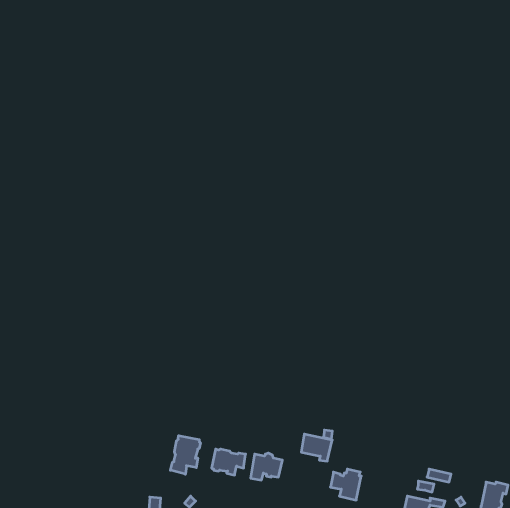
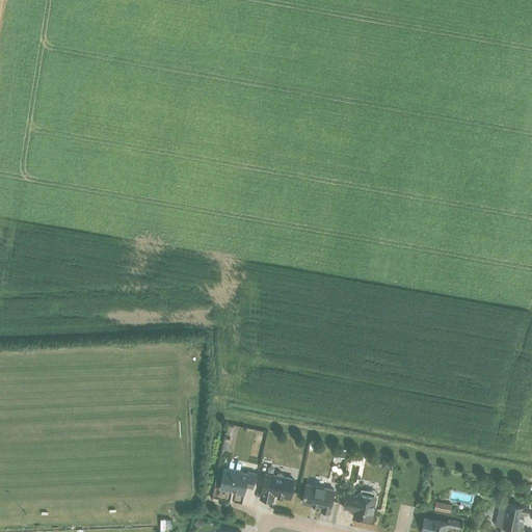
building: [301,434,332,461] -> [302,485,335,513]
building: [170,436,200,474] -> none

